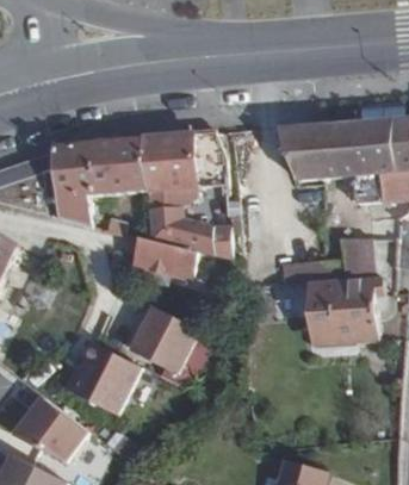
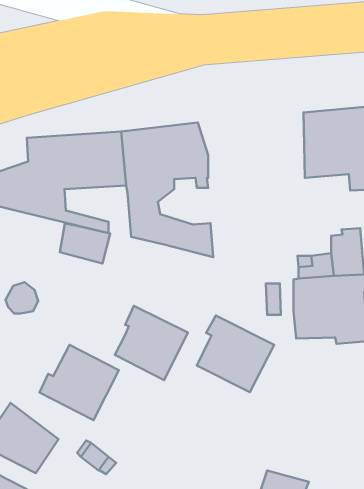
building: [278,120,317,185] -> none
building: [136,236,184,274] -> [60,223,110,264]
building: none -> [197,316,274,392]

